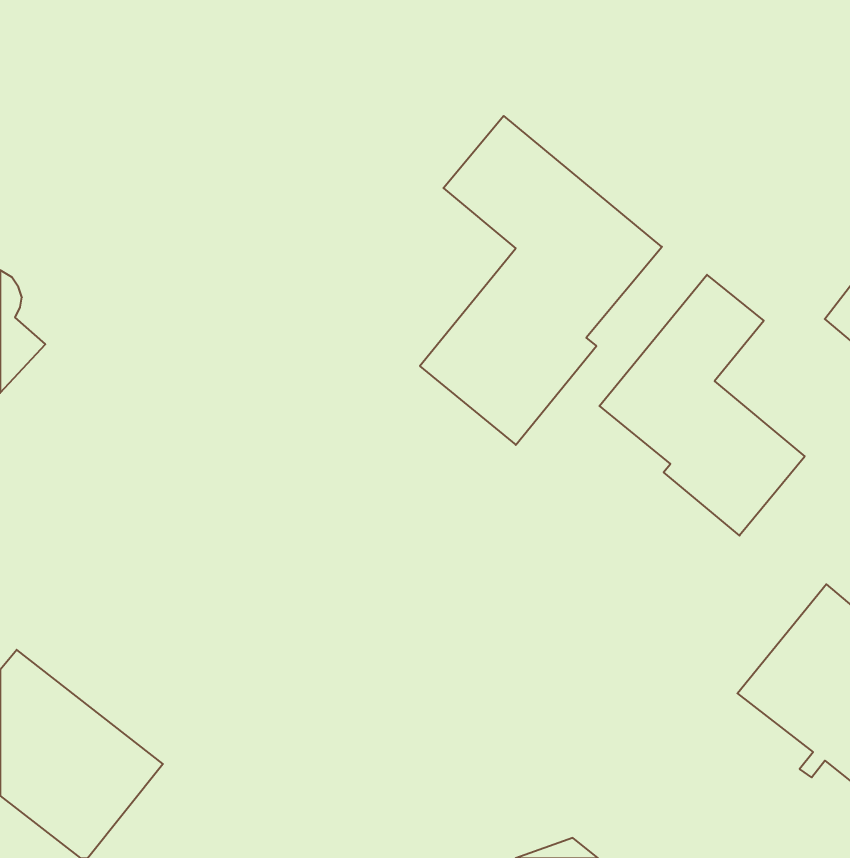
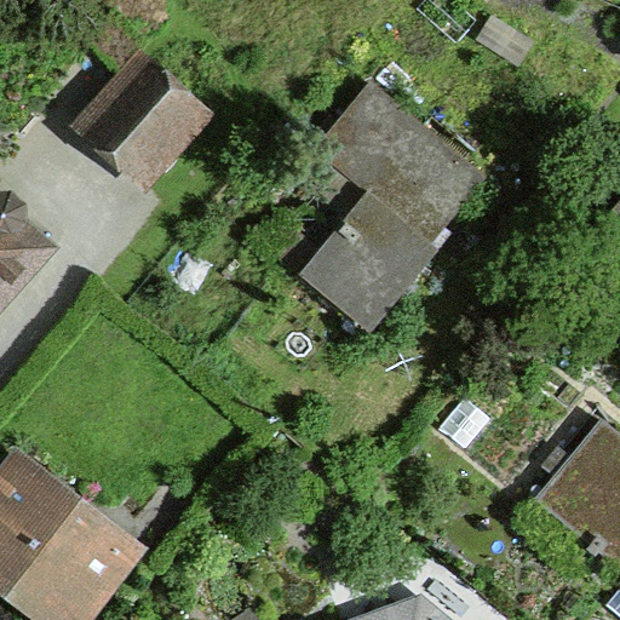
building: none -> [85,62,201,179]
building: [599,275,805,536] -> none

